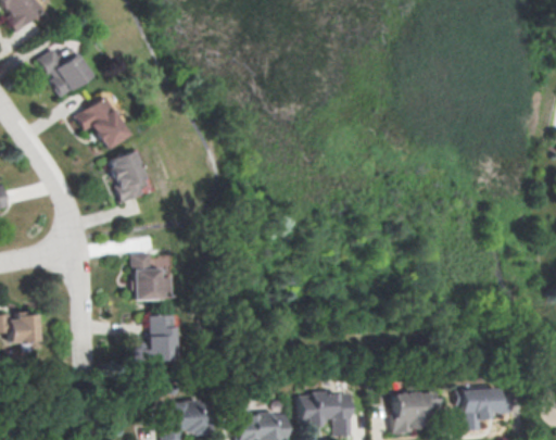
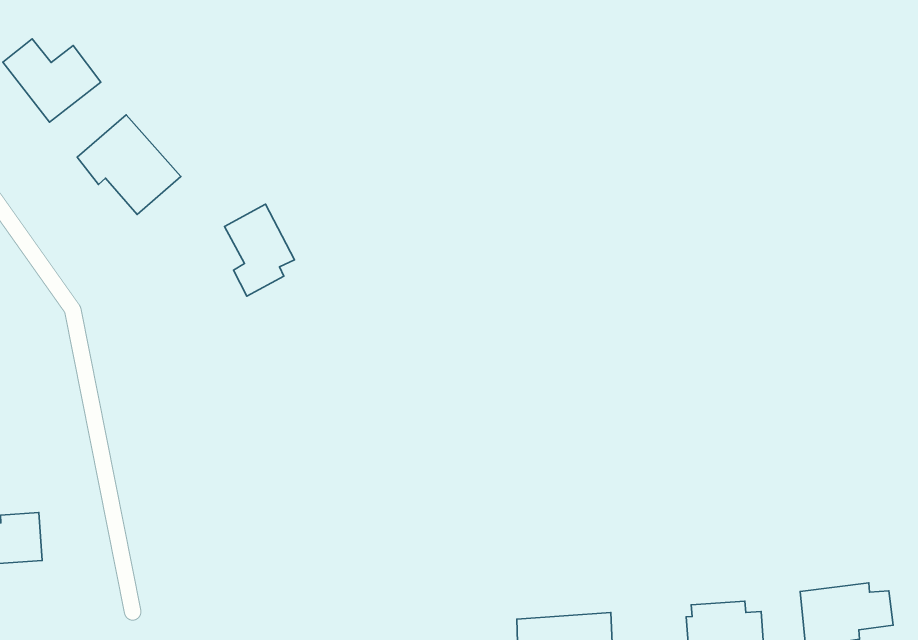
building: [110,150,148,201] -> [225,204,294,296]
building: [131,253,170,300] -> none
building: [148,315,177,360] -> none

